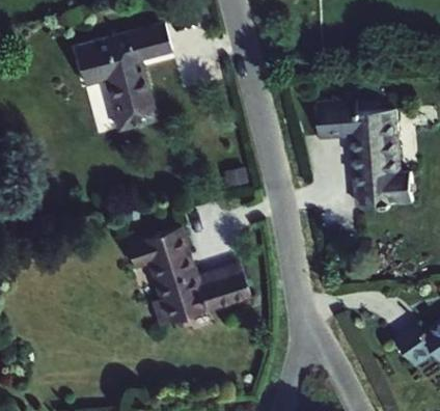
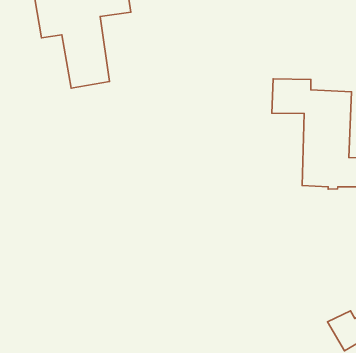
building: [126,227,251,324] -> none

